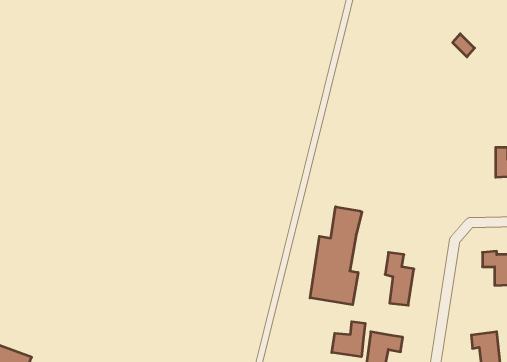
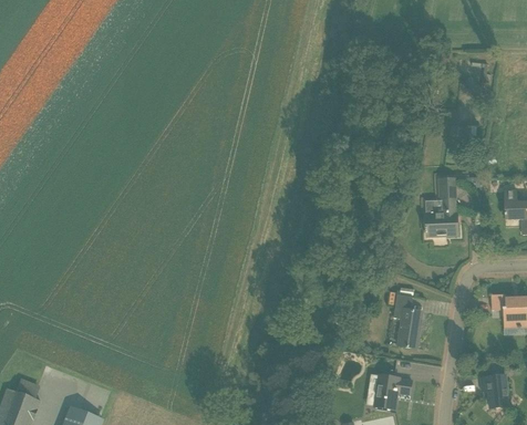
building: none -> [424,177,457,236]
building: [310,207,362,305] -> none
building: [332,322,365,357] -> none

